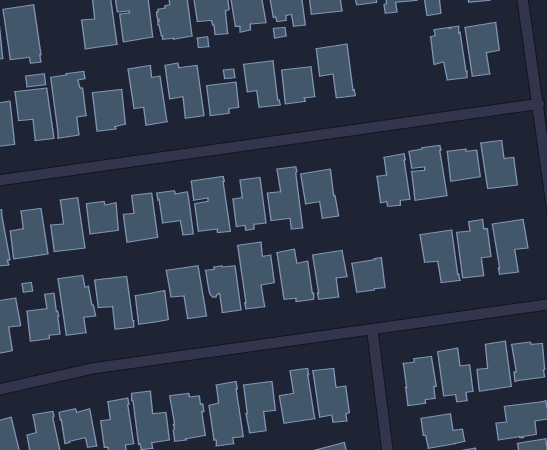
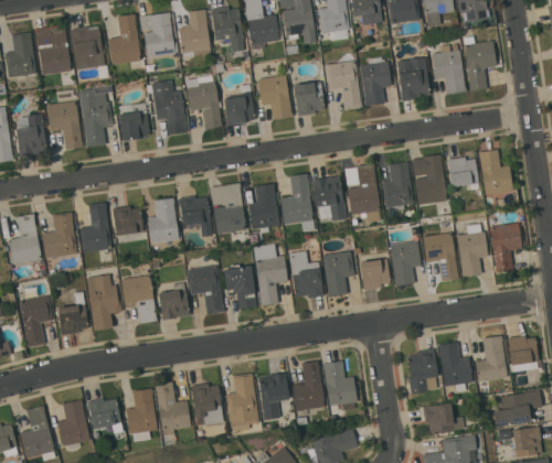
building: none -> [70,26,109,78]
building: none -> [360,57,391,106]
building: none -> [397,57,431,101]
building: none -> [344,164,380,223]
building: none -> [390,240,421,287]

